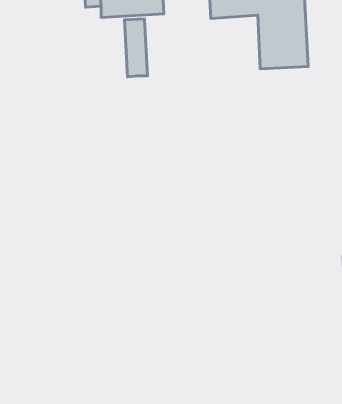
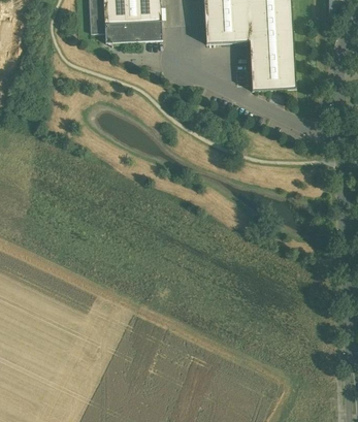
building: [124,19,147,77] -> none

